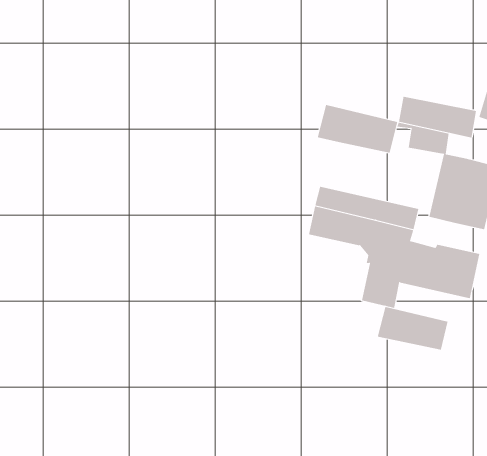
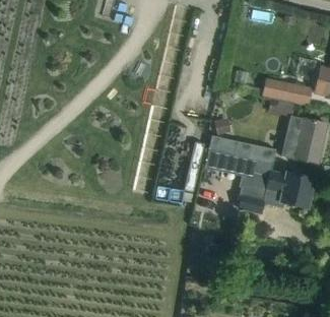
building: [317,104,398,153] -> none
building: [377,306,448,351] -> none

